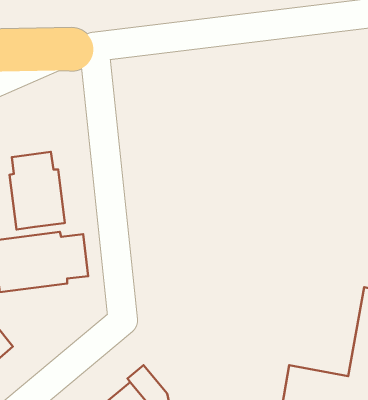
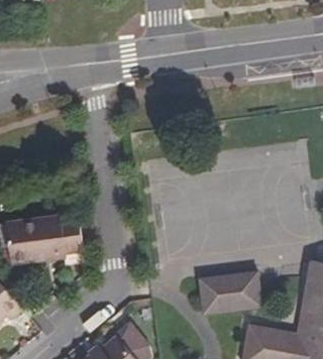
building: [10,152,65,229] -> none
building: none -> [199,271,262,315]

